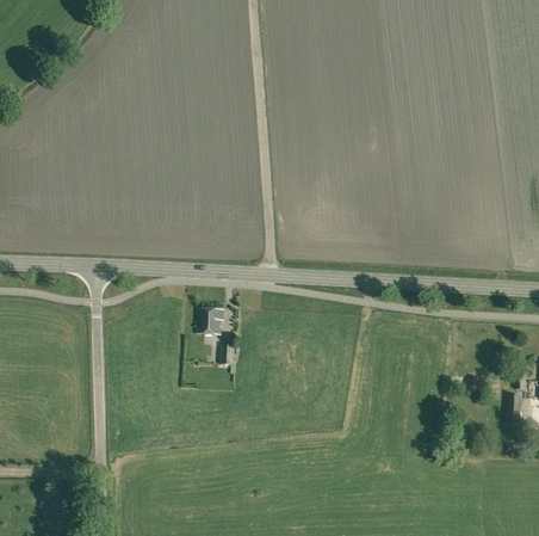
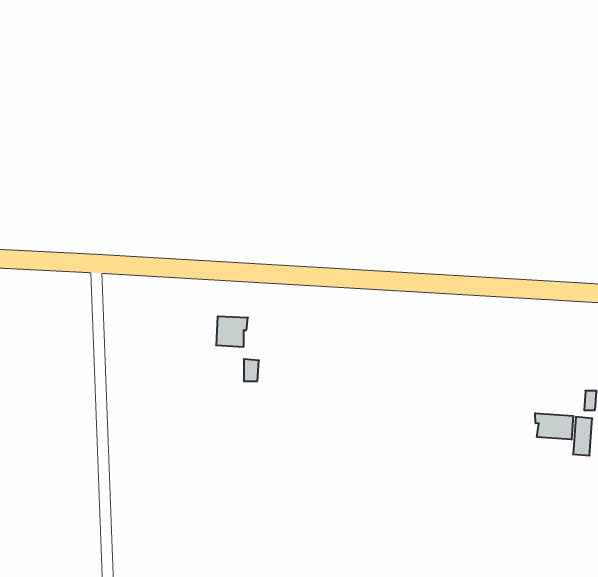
building: none -> [535,413,573,440]

